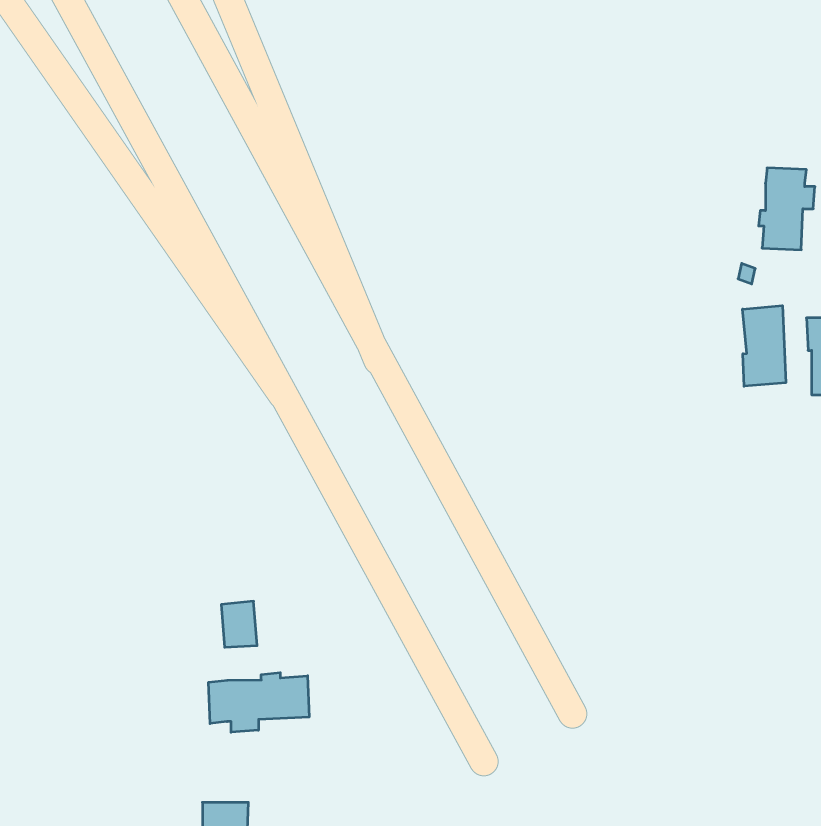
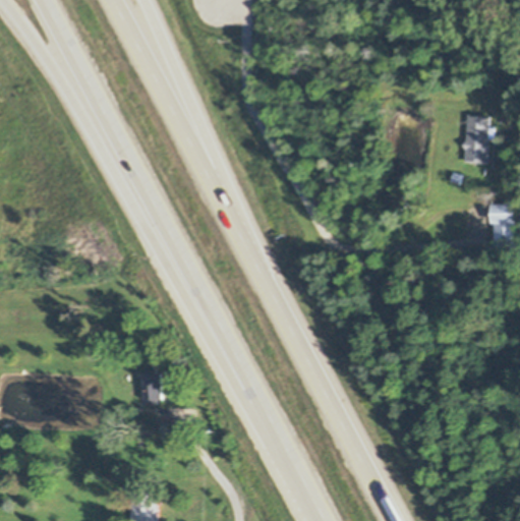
building: [743,306,786,386] -> none
building: [209,673,309,732] -> none

